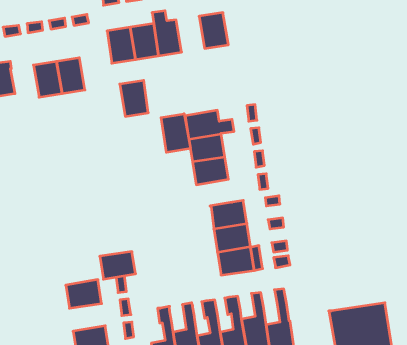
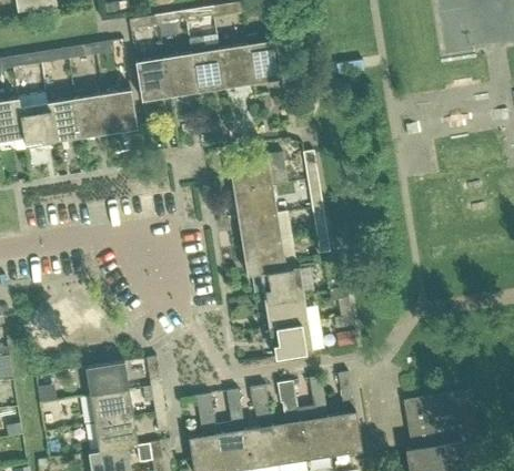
building: none -> [219,44,253,88]
building: none -> [19,103,53,146]
building: [120,80,148,116] -> [102,90,137,133]
building: [161,114,190,152] -> none
building: none -> [243,240,286,276]
building: [100,252,136,279] -> [90,390,133,423]

